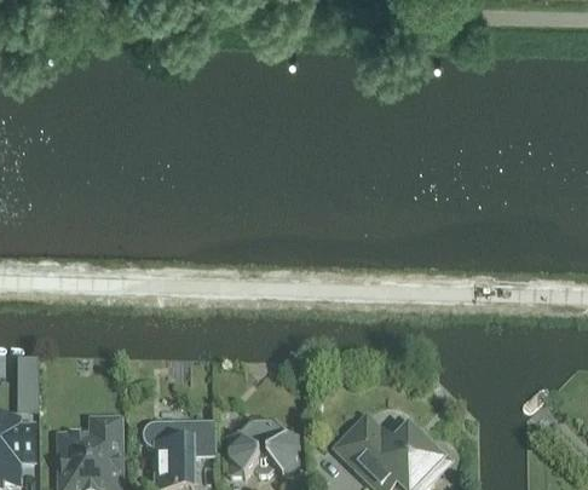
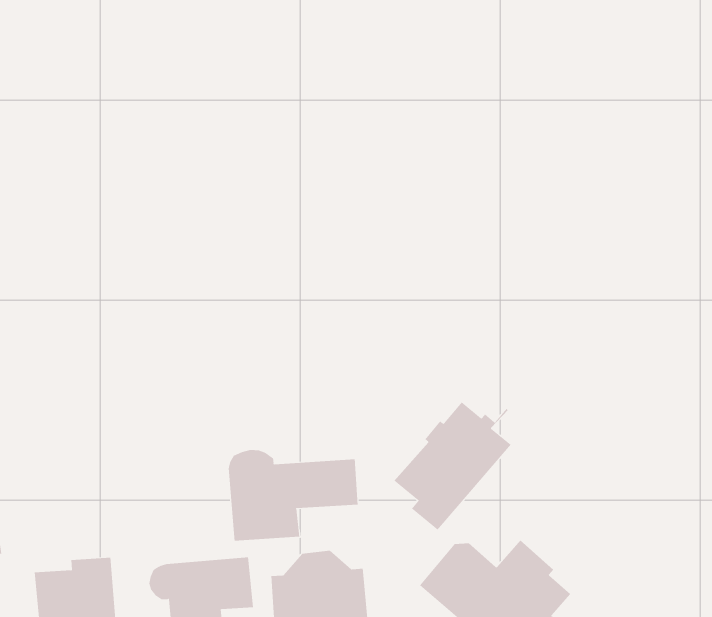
building: none -> [394,401,511,531]
building: none -> [228,449,358,541]

